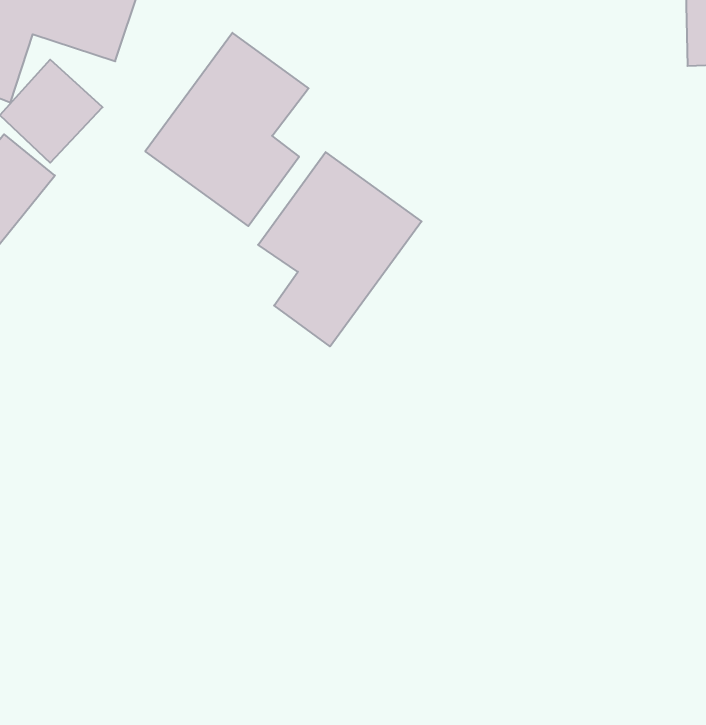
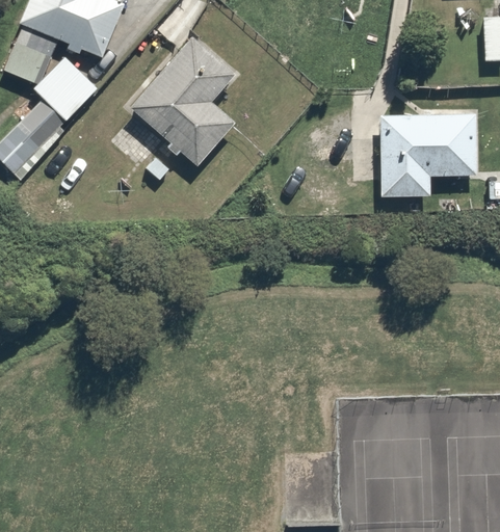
building: none -> [380,113,479,198]
building: [258,152,422,346] -> none

